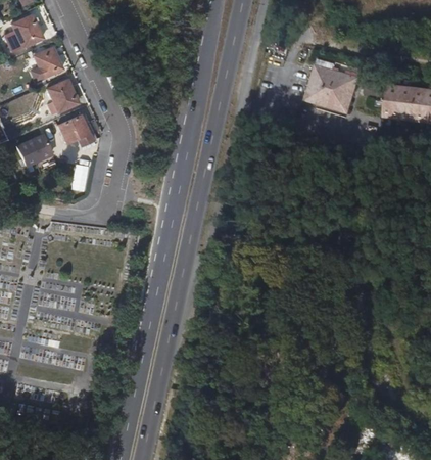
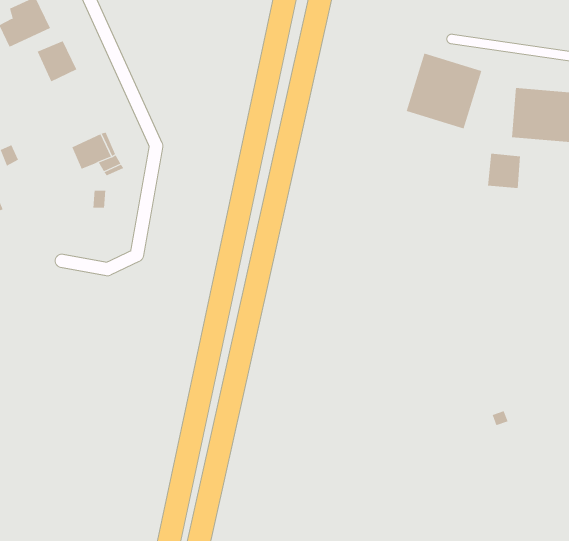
building: [46,79,78,111] -> none
building: none -> [488,153,520,189]
building: [19,137,49,163] -> none

